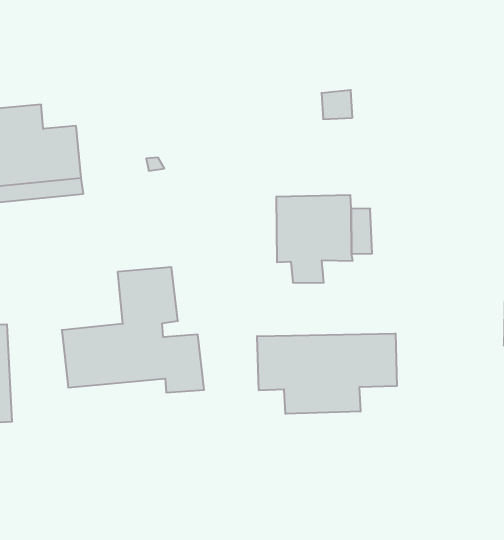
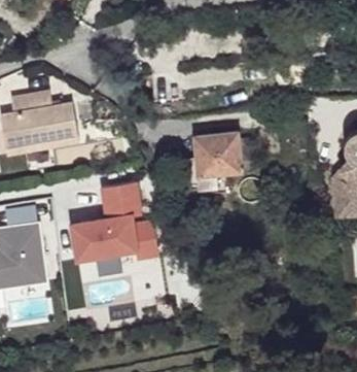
building: [257,333,397,414] -> none

